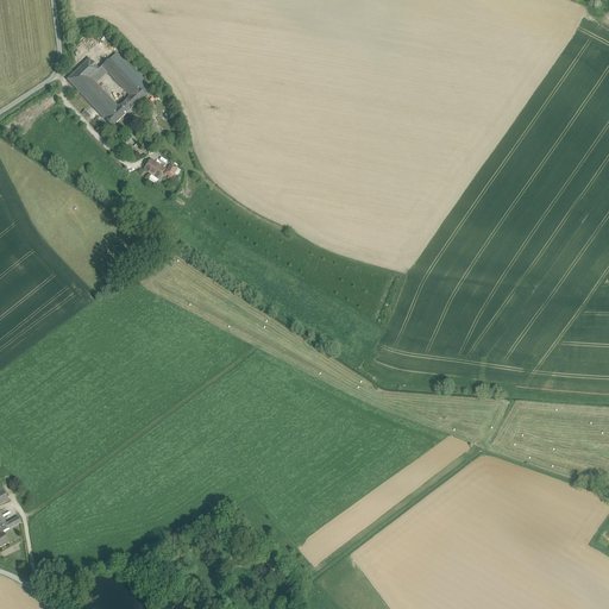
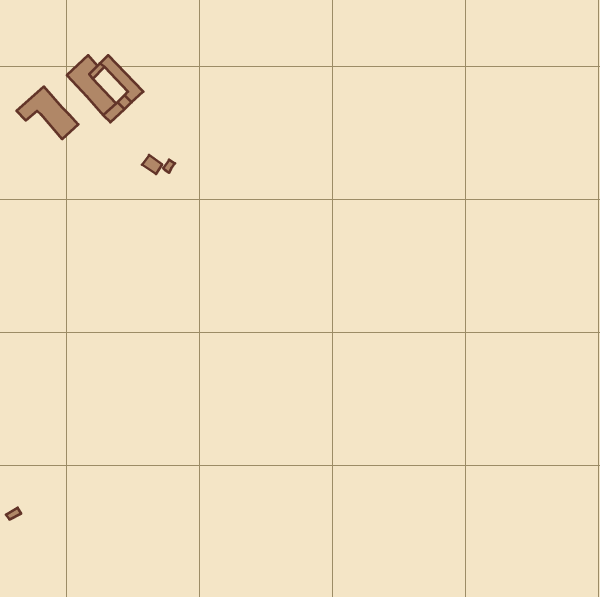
building: none -> [17,87,78,139]

